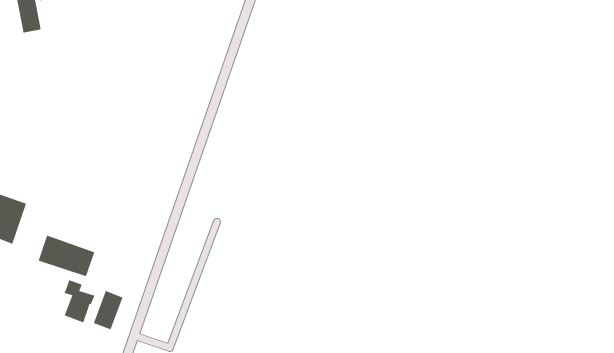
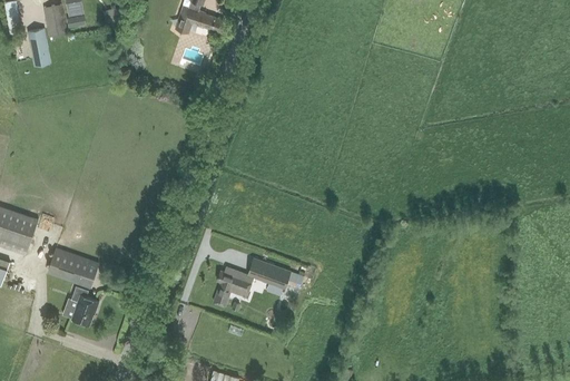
building: none -> [214,258,291,306]
building: [93,290,123,330] -> none

